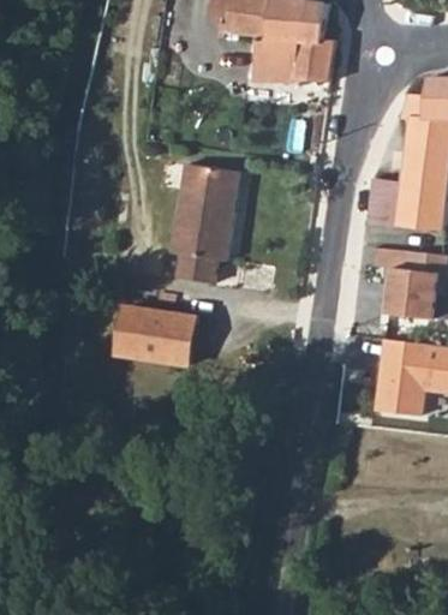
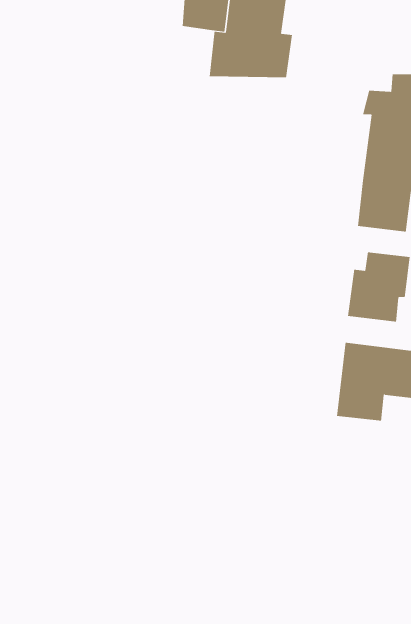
building: [168,163,238,283] -> none
building: [368,179,399,225] -> none
building: [118,308,196,365] -> none

